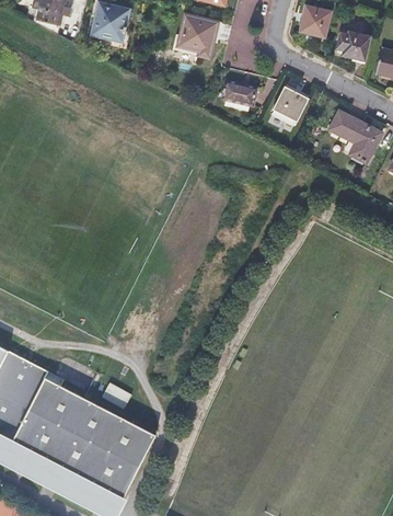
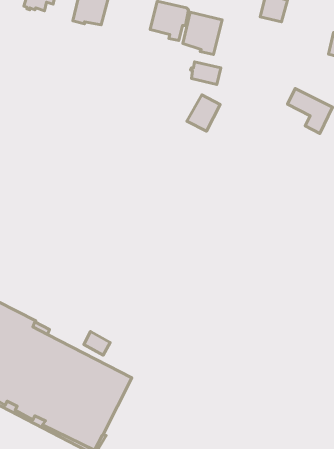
building: none -> [183,12,222,55]
building: [335,31,368,59] -> none
building: [271,84,309,125] -> [187,95,220,131]

